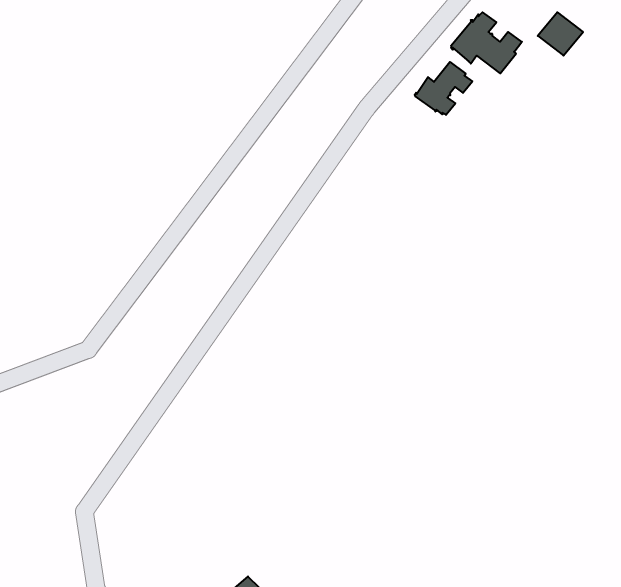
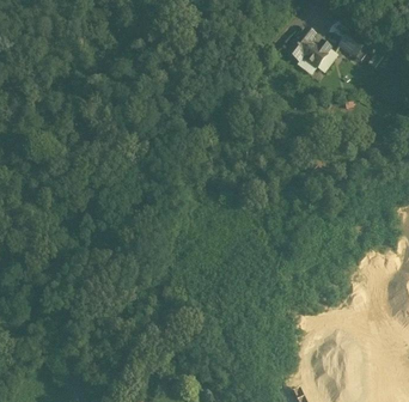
building: [415,62,472,115] -> none

